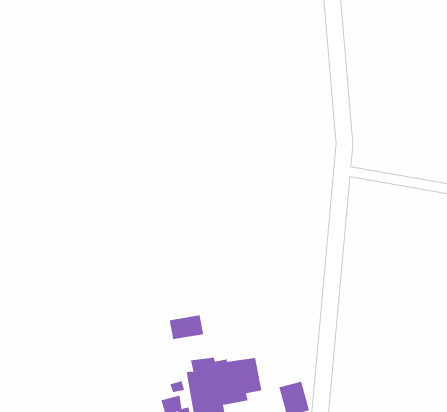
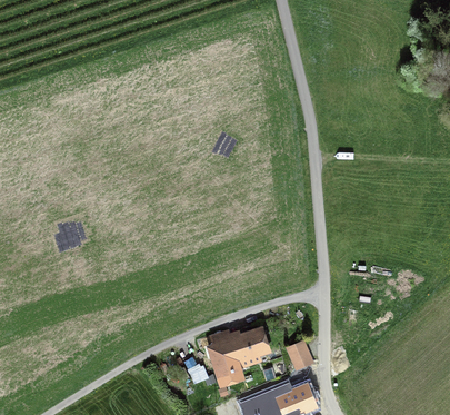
building: [169,315,204,340] -> none

